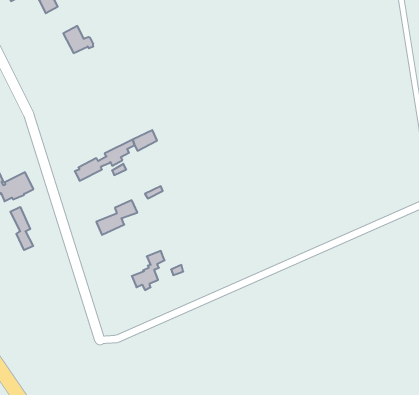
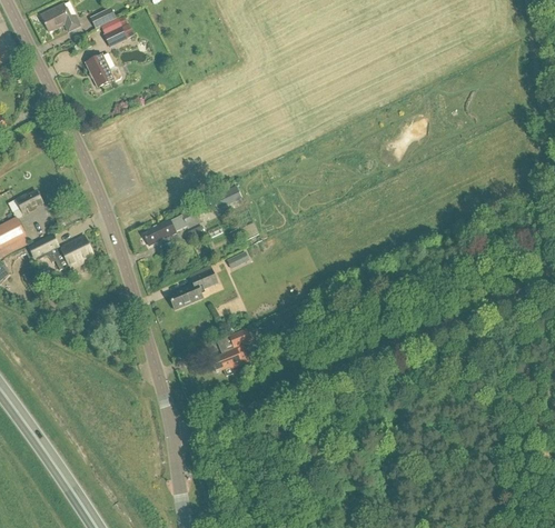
building: [63,26,93,53] -> [86,54,121,87]
building: [10,207,33,250] -> none

